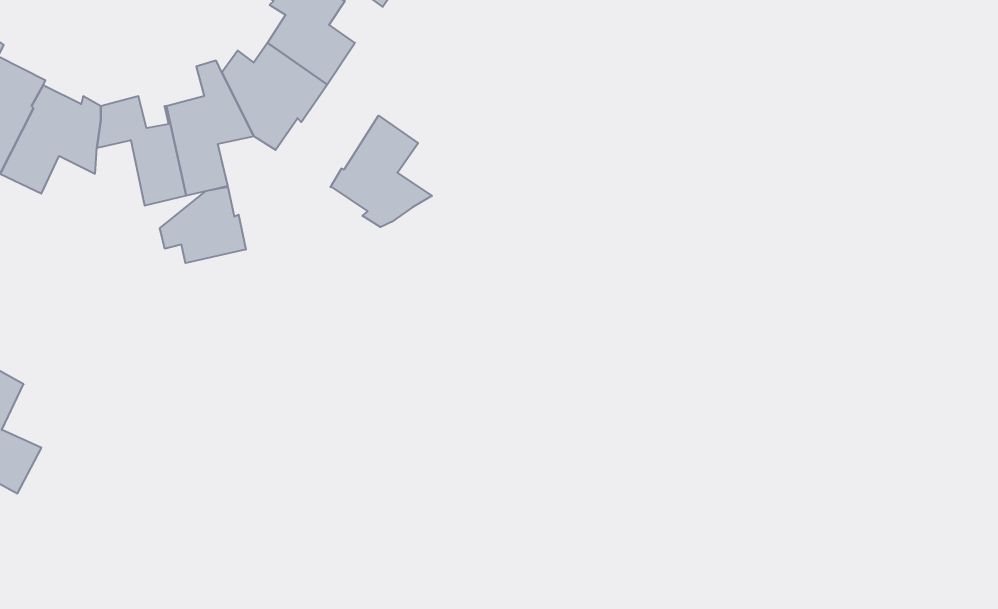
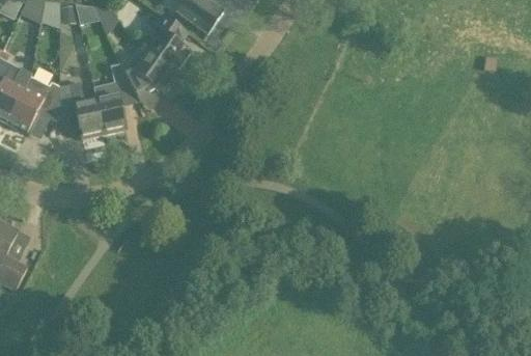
building: [330,116,432,227] -> none
building: [160,187,246,263] -> none

